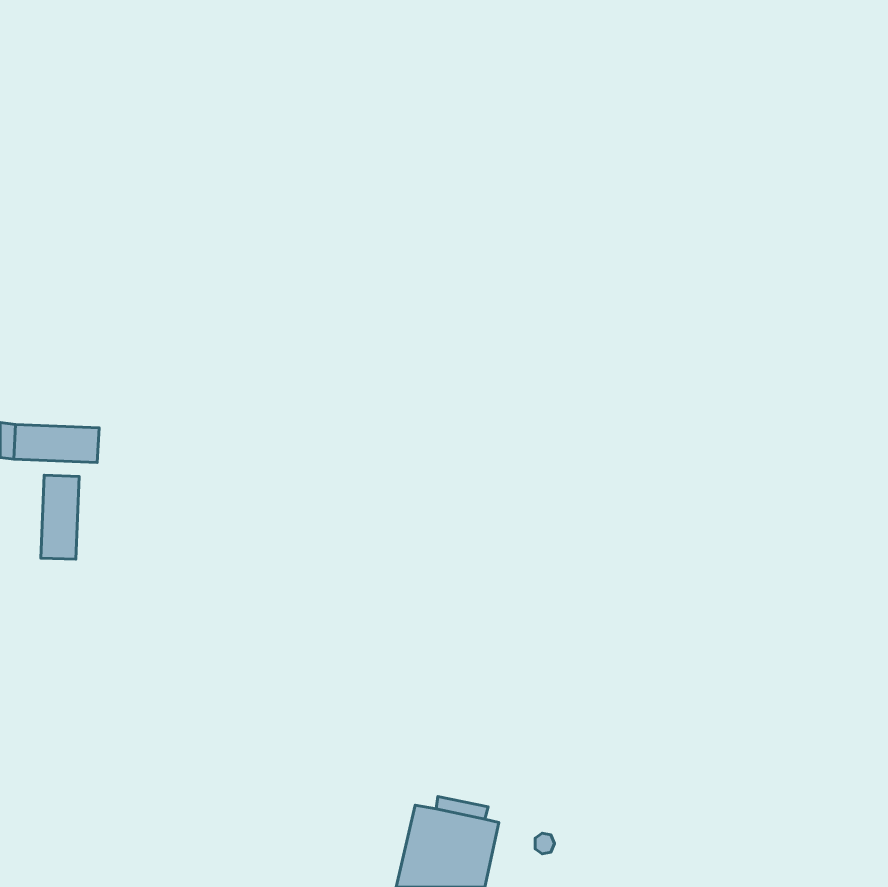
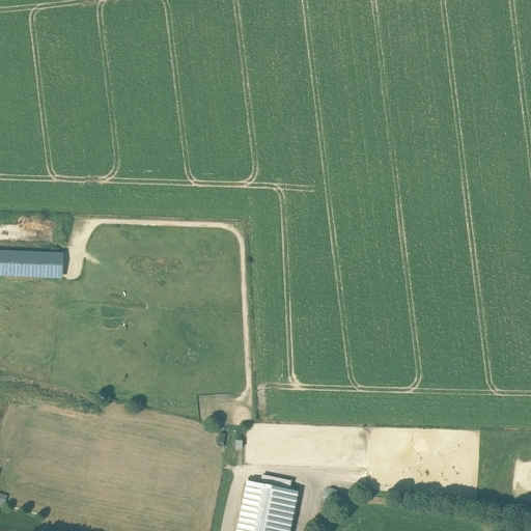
building: [41,475,79,559] -> none

